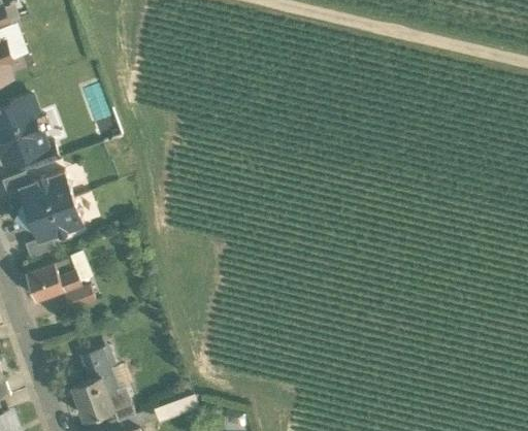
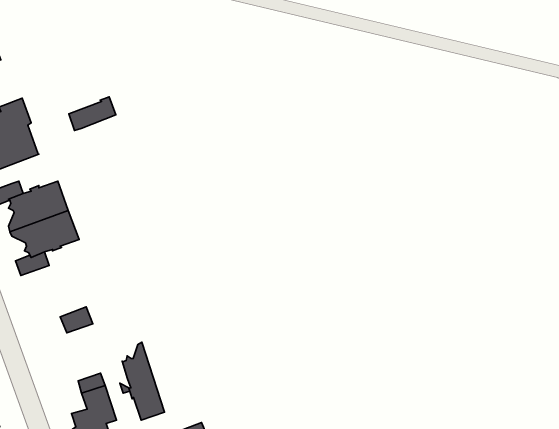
building: [15,144,59,175] -> [69,97,116,131]
building: [26,258,79,302] -> none
building: none -> [122,342,164,420]

